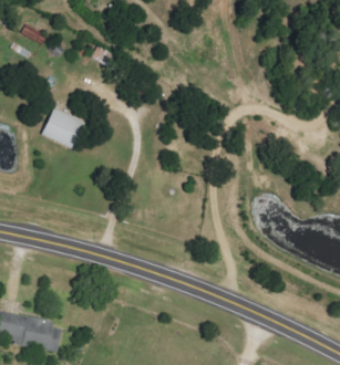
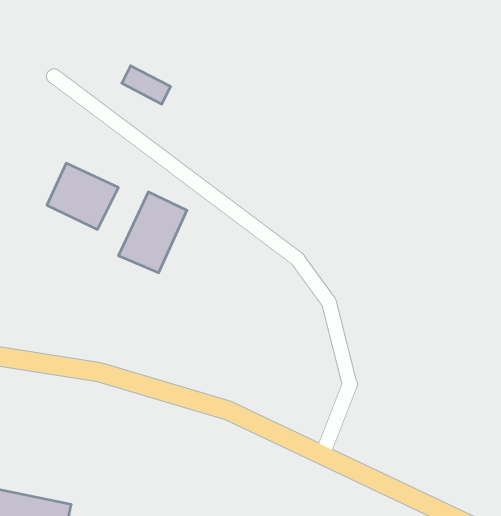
building: none -> [119,192,187,273]

